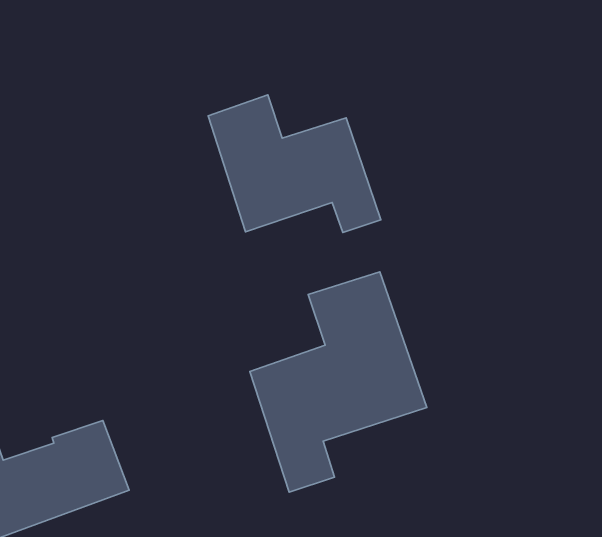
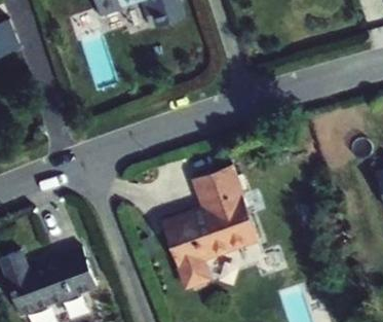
building: [208,95,381,232] -> none

